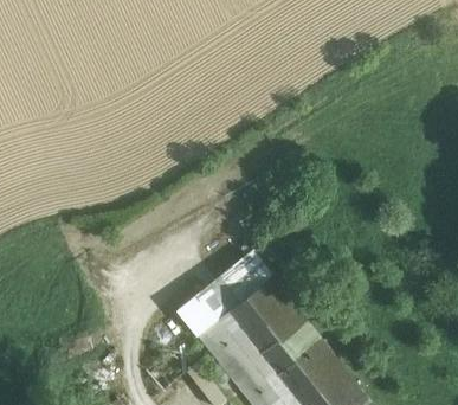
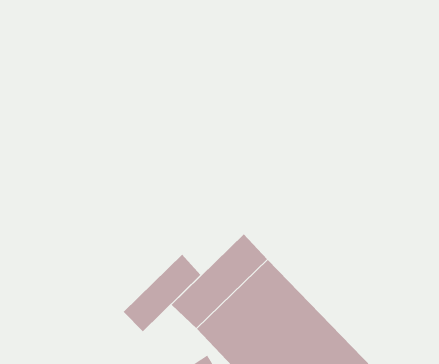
building: none -> [123,254,201,332]

